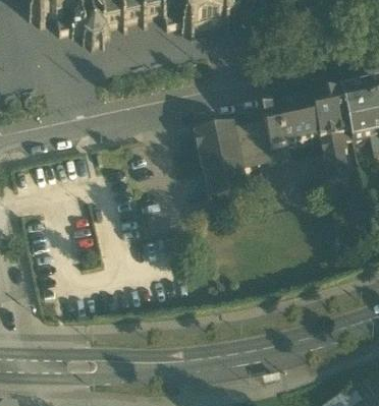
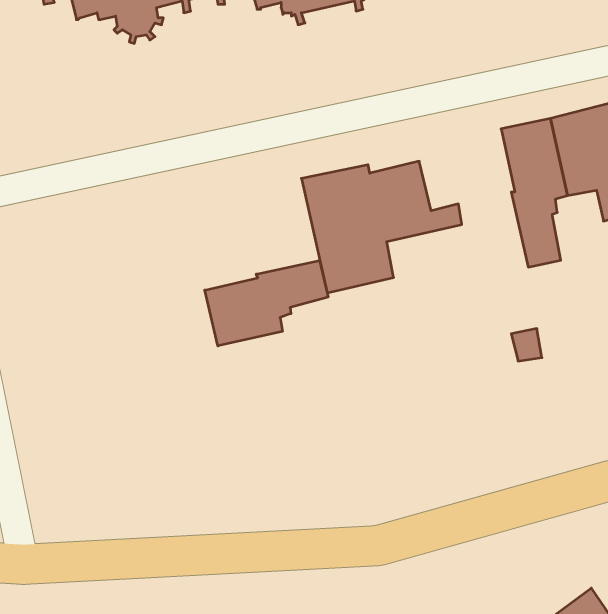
building: [262,91,321,139] -> none
building: none -> [205,260,328,346]

